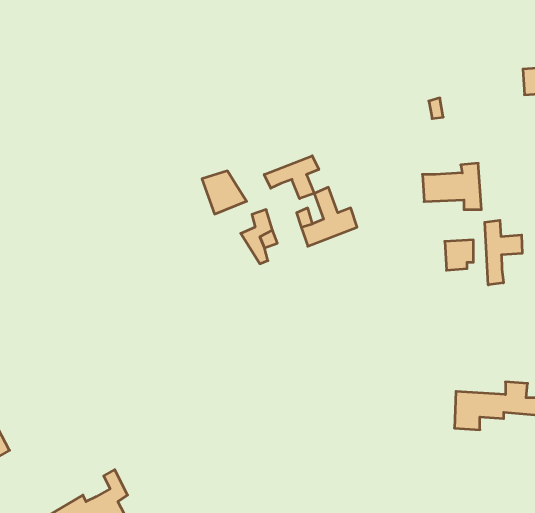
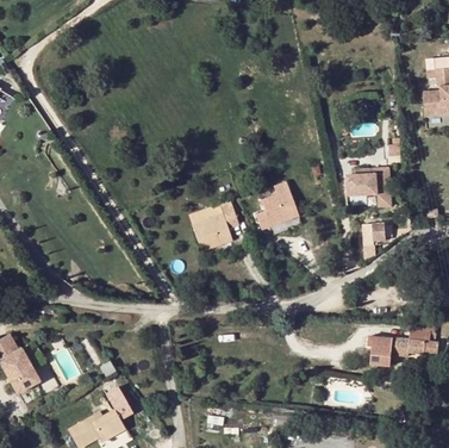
building: [264,156,319,199] -> none
building: [202,171,247,214] -> [192,218,225,250]
building: [485,220,522,285] -> none

